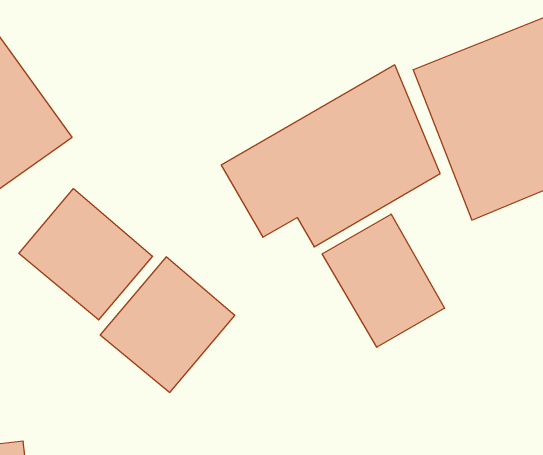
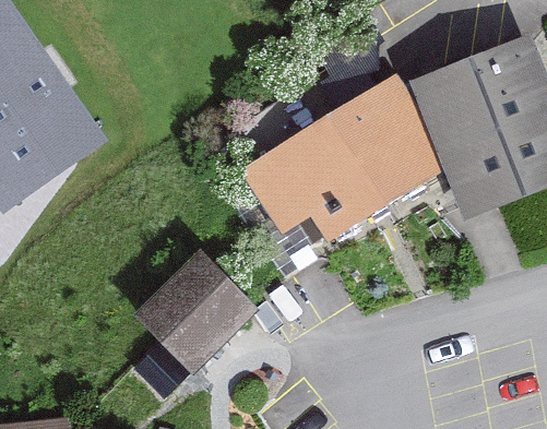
building: [19,189,153,320] -> none
building: [322,214,445,347] -> none

